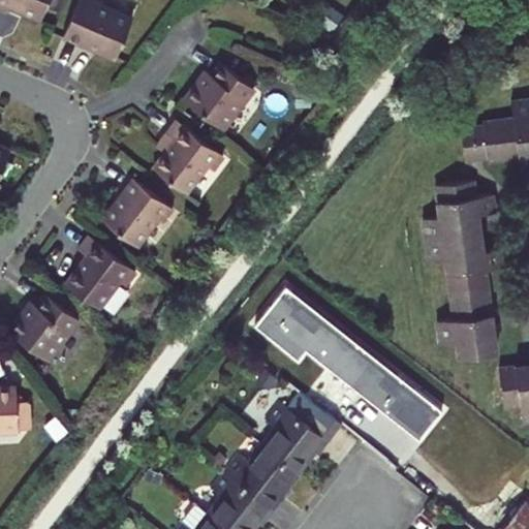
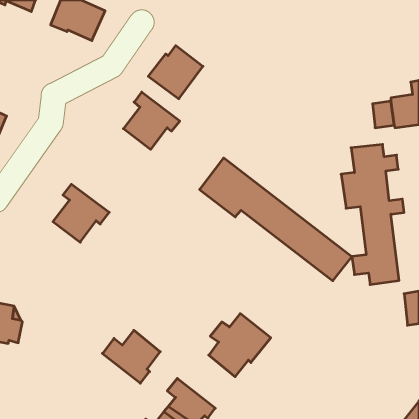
building: [104,178,175,246] -> none
building: [251,288,441,441] -> [200,158,352,281]
building: [9,292,79,360] -> none
building: [221,448,293,515] -> [102,330,160,383]

